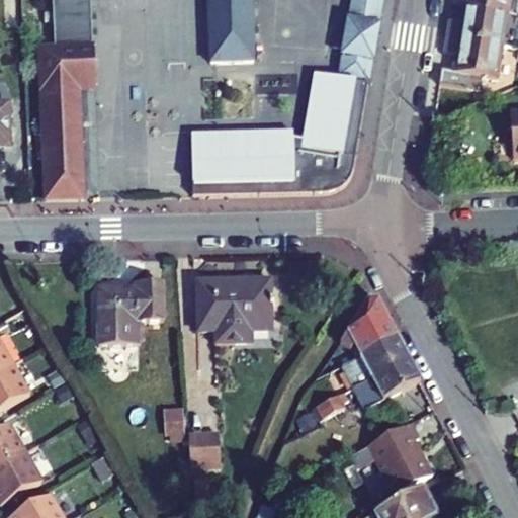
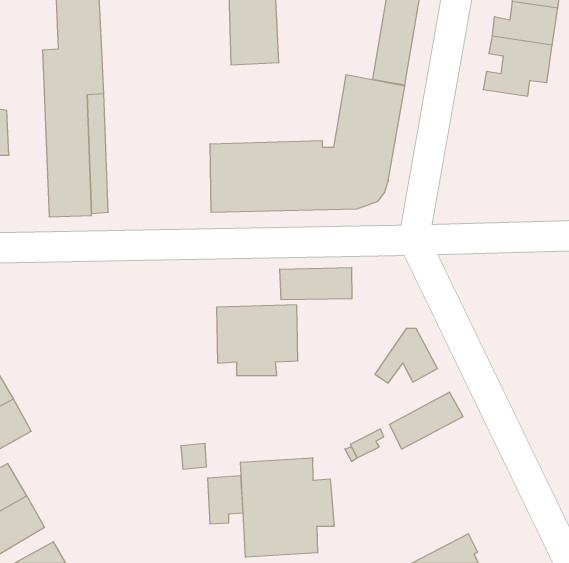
building: none -> [280,267,352,300]
building: [96,279,163,342] -> none
building: [341,334,408,384] -> none
building: none -> [241,458,334,557]
building: [367,420,431,492] -> none

